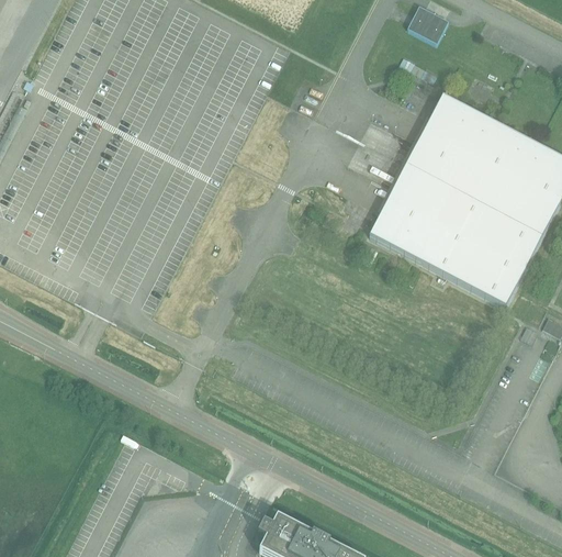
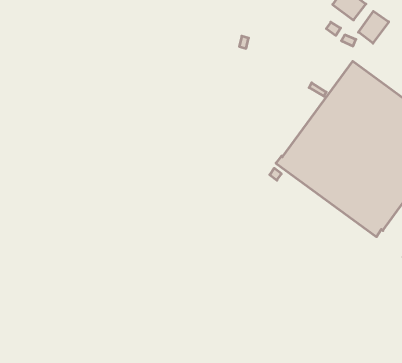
building: none -> [358,11,389,43]

